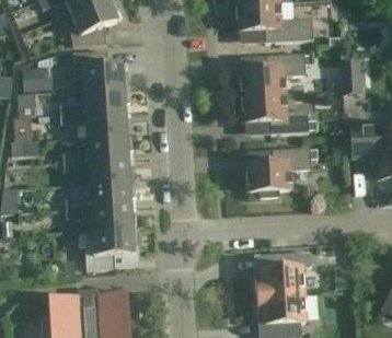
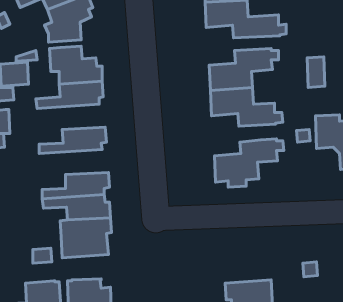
building: [59,110,130,137] -> none
building: [61,158,134,184] -> none
building: [254,250,311,296] -> none

